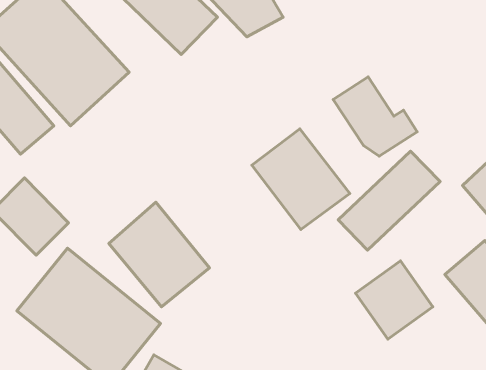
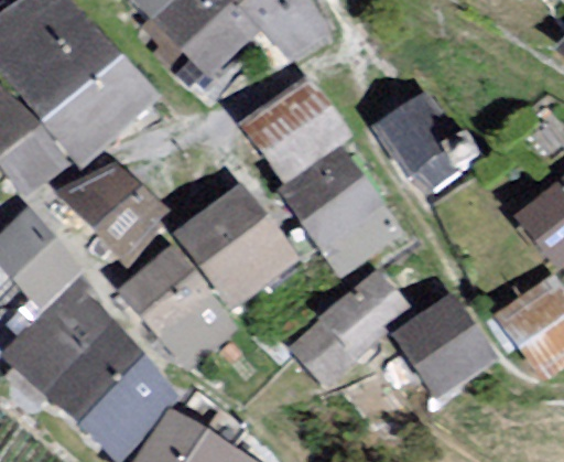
building: none -> [242,82,337,173]
building: none -> [62,169,164,256]
building: [338,151,440,250] -> [292,272,406,384]
building: none -> [176,189,290,303]

